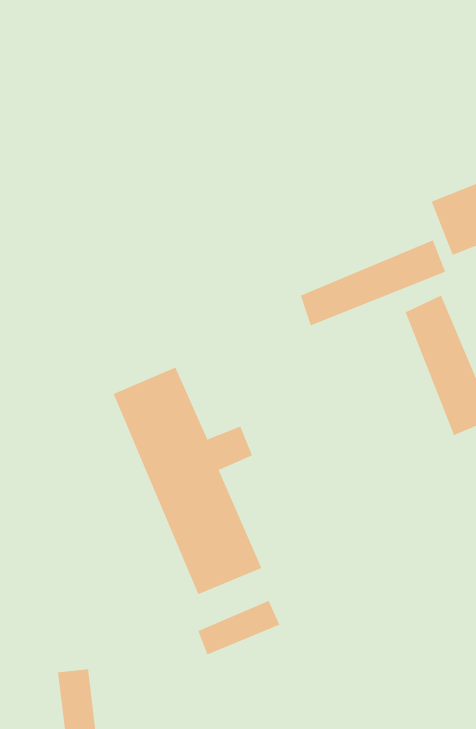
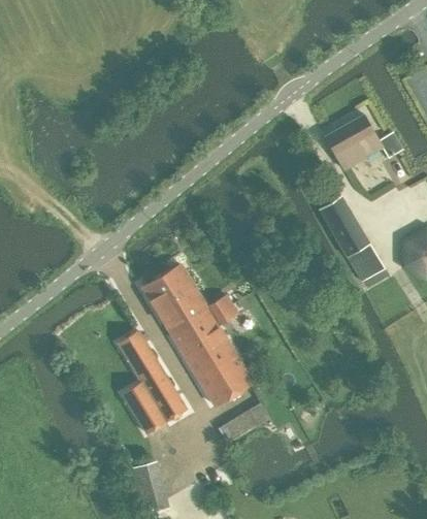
building: [300,240,446,326] -> none
building: none -> [118,330,187,433]

